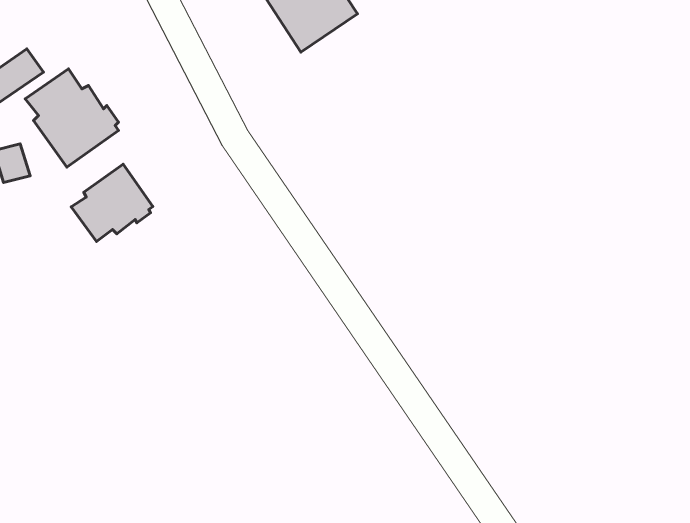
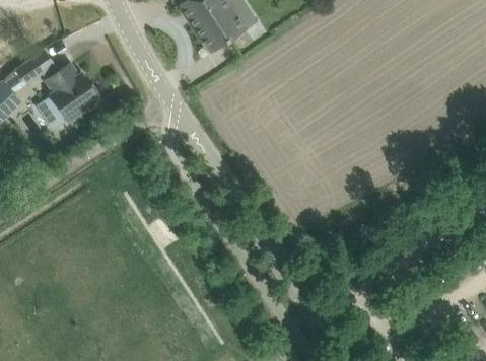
building: [71,164,153,241] -> none

